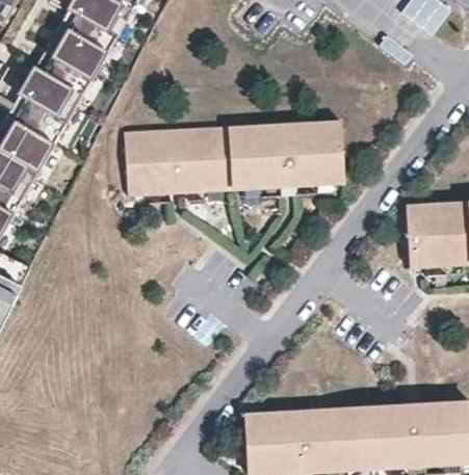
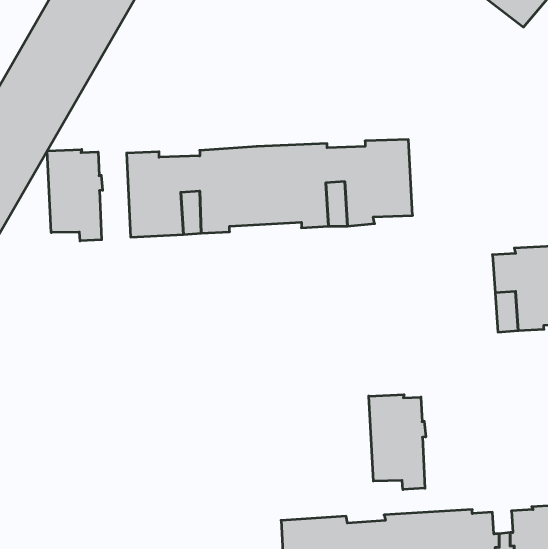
building: none -> [47,149,103,241]
building: none -> [369,395,426,490]

